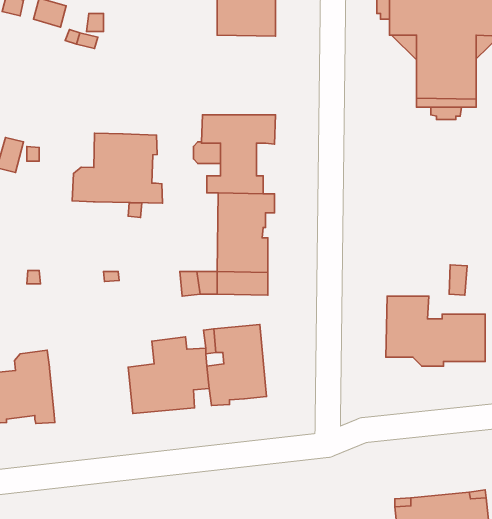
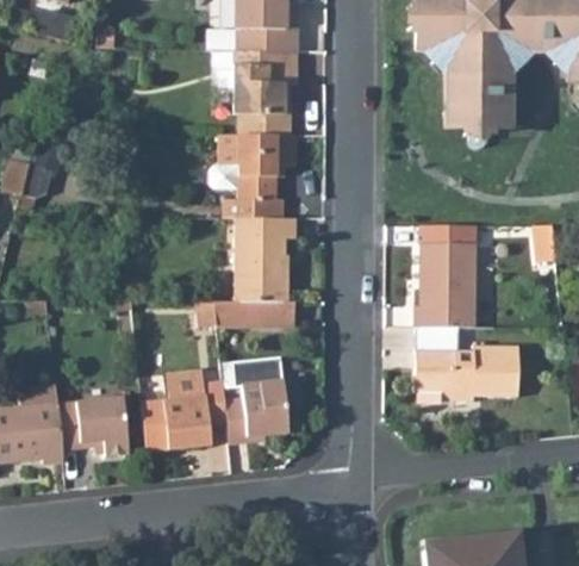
building: none -> [213,50,298,135]
building: [72,133,162,203] -> none
building: none -> [416,242,475,326]
building: none -> [58,396,130,455]

